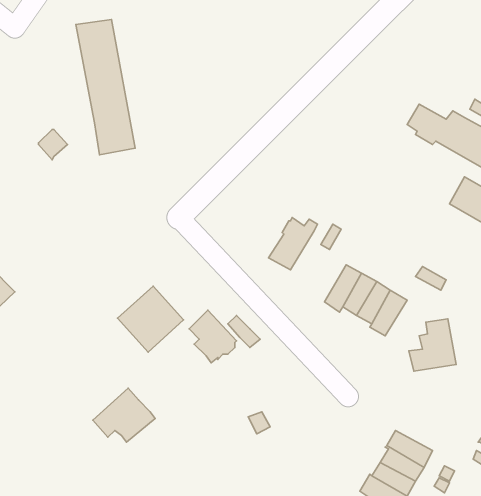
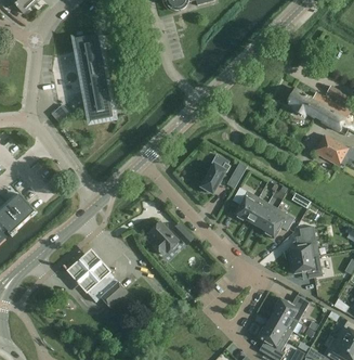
building: [118,286,184,352] -> [66,248,108,291]
building: none -> [291,255,322,278]

